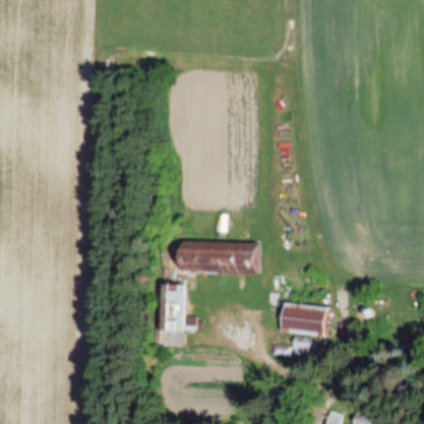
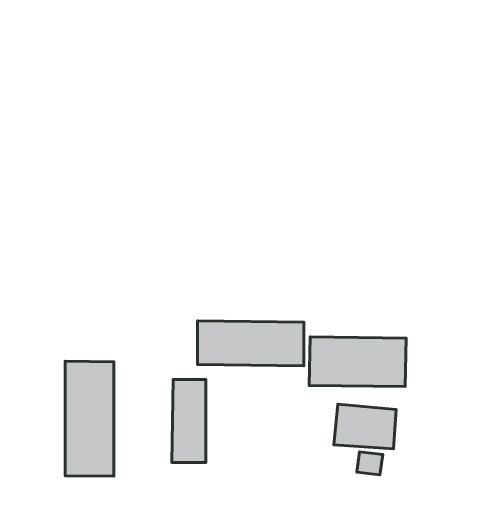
building: none -> [309,337,406,387]
building: none -> [65,361,114,476]

